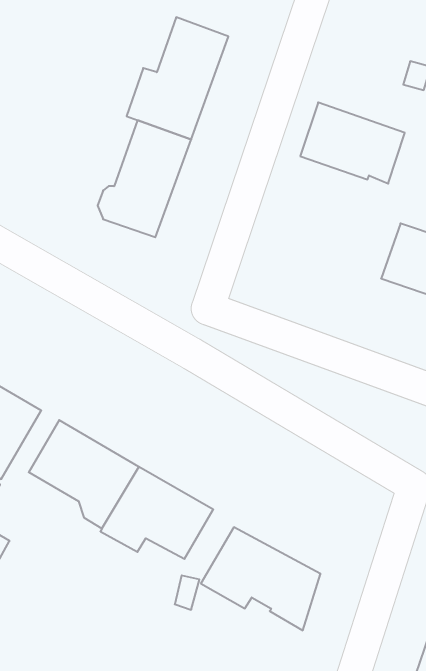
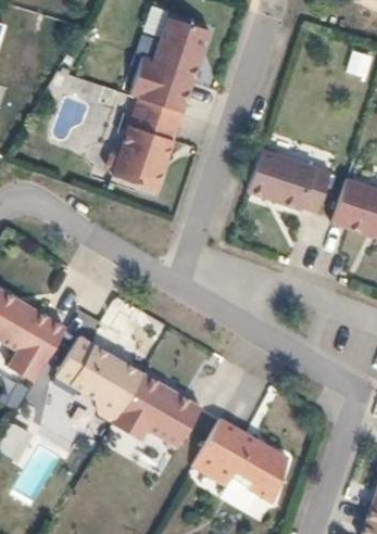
building: [300,102,405,184] -> [249,150,331,214]

